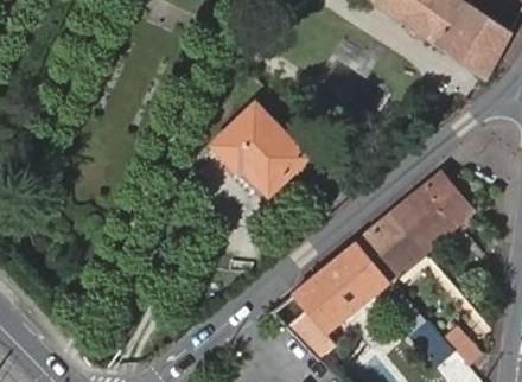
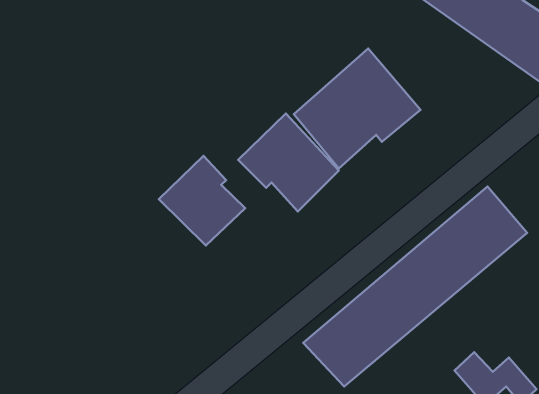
building: none -> [294,48,421,169]
building: none -> [159,156,245,245]

